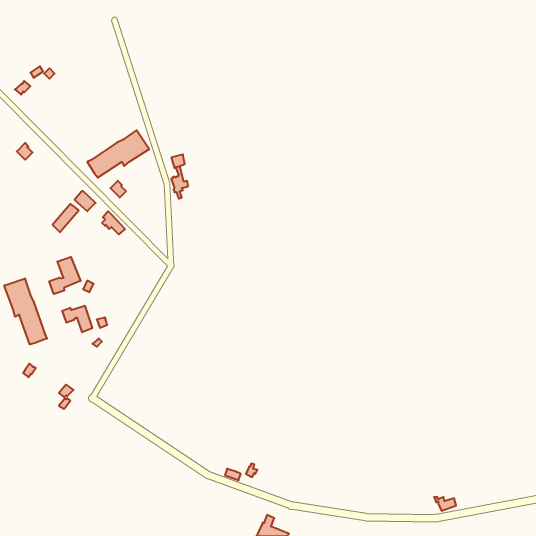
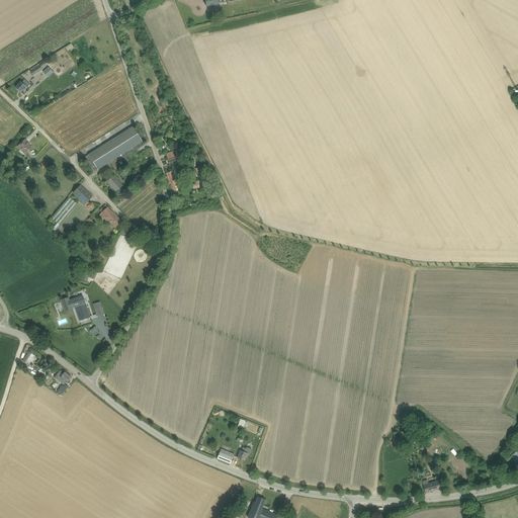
building: [49,257,81,294] -> none
building: [4,278,47,344] -> none

